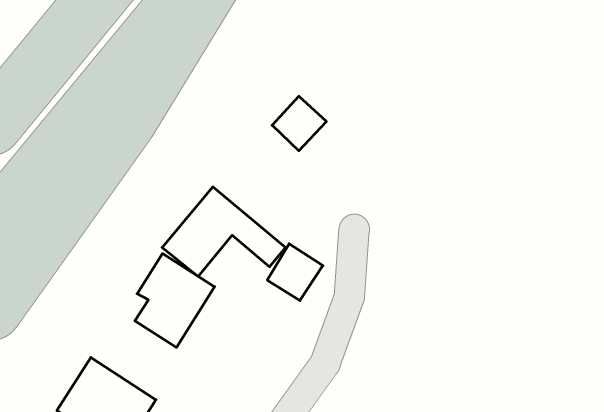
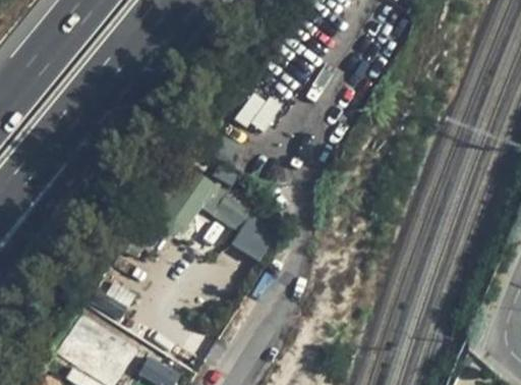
building: [135,254,215,347] -> none

